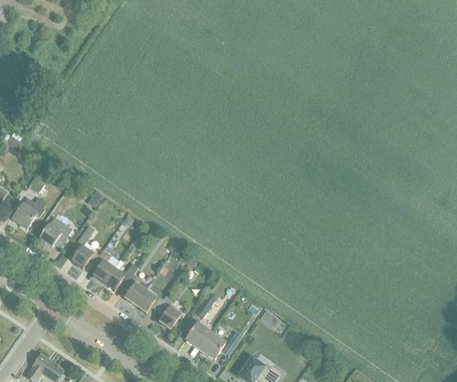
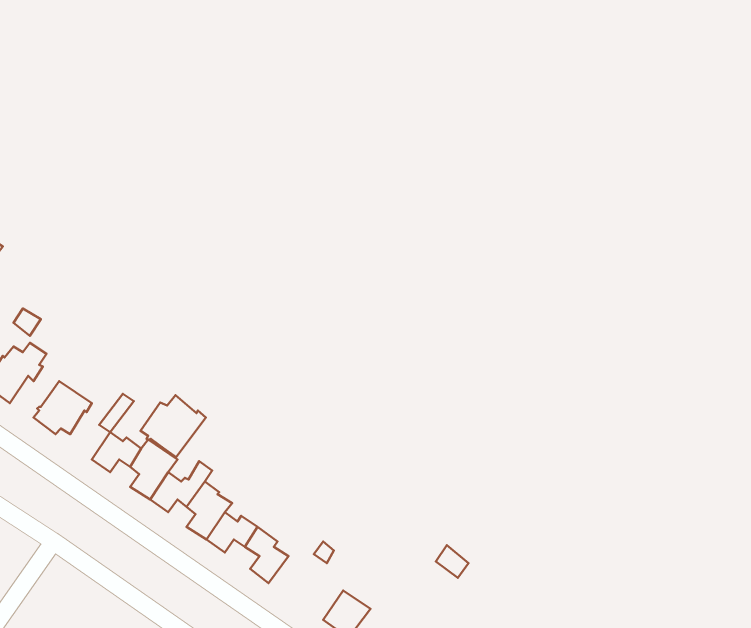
building: none -> [141,395,206,457]
building: [184,316,210,349] -> none

